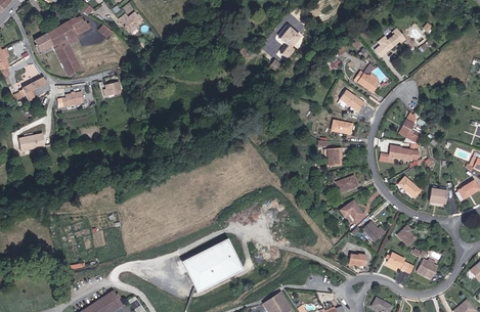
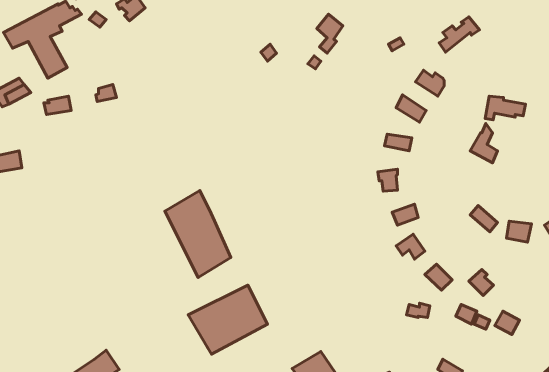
building: [388,144,420,163] -> [485,96,526,120]
building: none -> [165,191,231,278]

